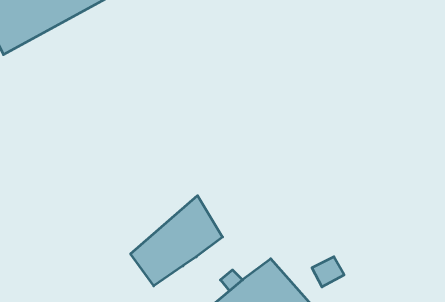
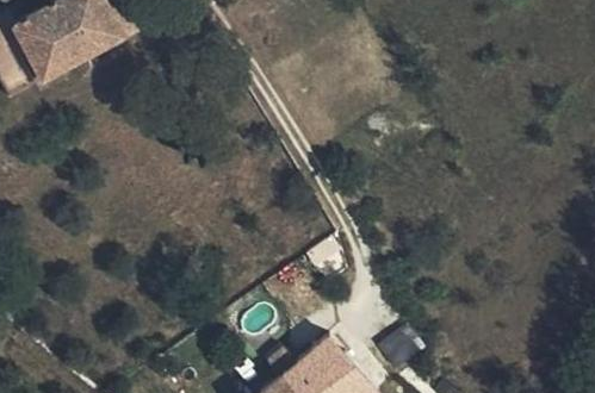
building: [131,196,223,286] -> none

